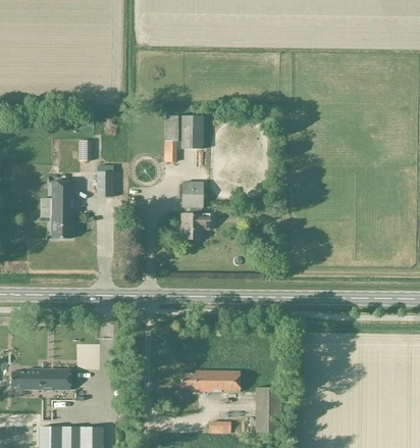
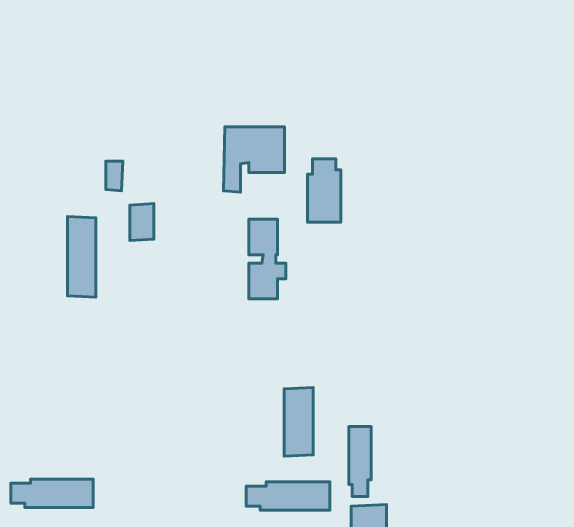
building: none -> [308,159,341,222]
building: none -> [284,388,313,456]
building: none -> [349,427,371,497]

